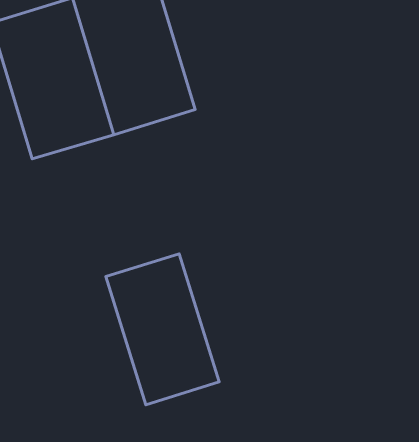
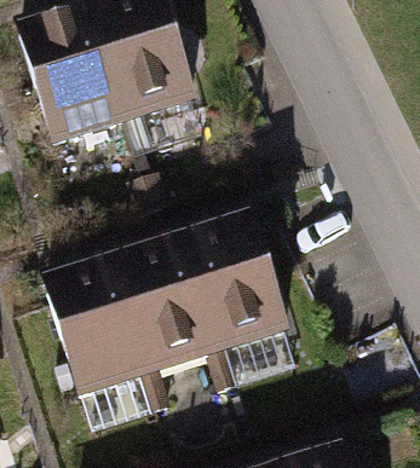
building: none -> [190,245,293,382]
building: none -> [57,287,160,424]

